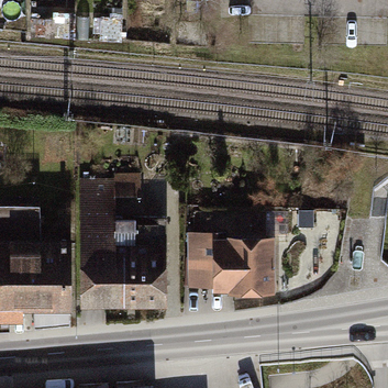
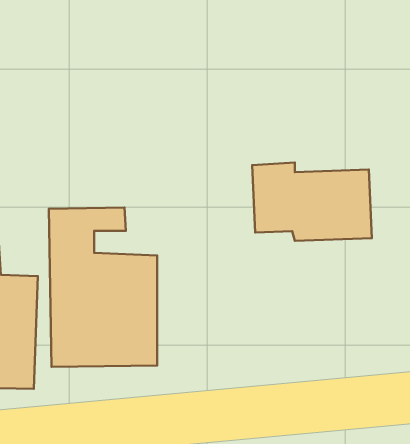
building: [189,236,285,299] -> [252,162,372,241]

